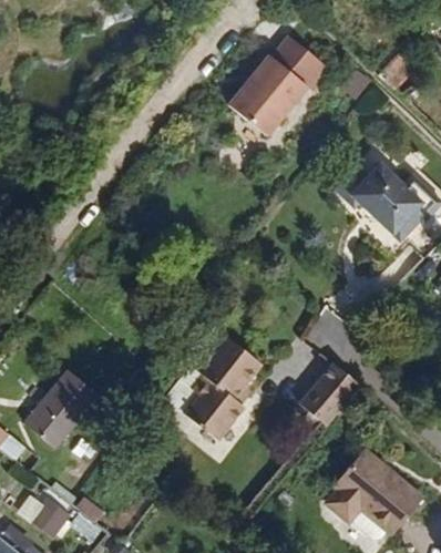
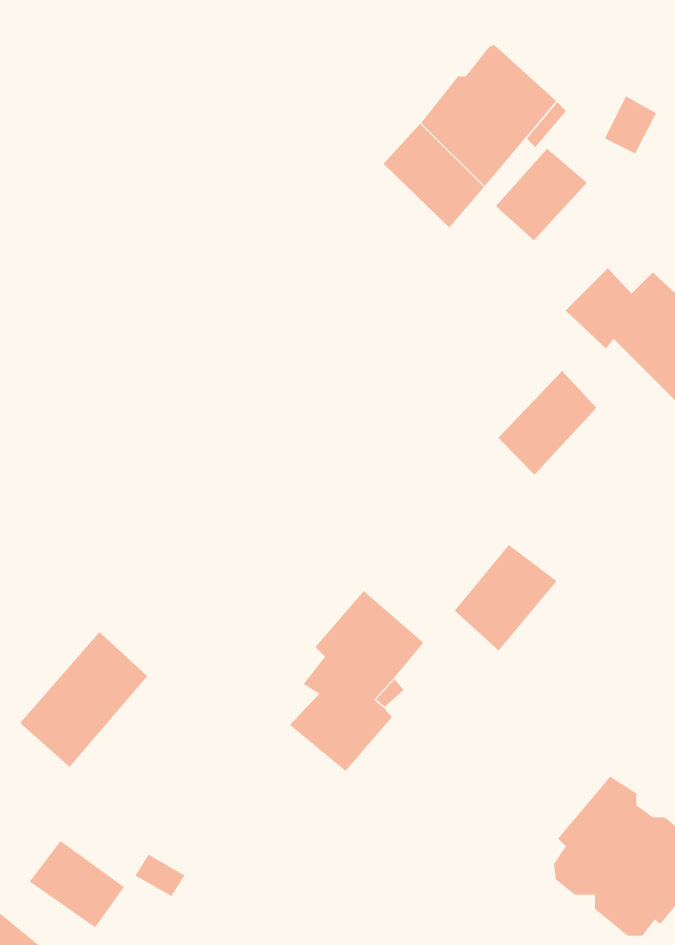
building: none -> [495,148,588,241]
building: none -> [498,370,597,475]
building: [298,362,357,423] -> [454,544,558,652]

